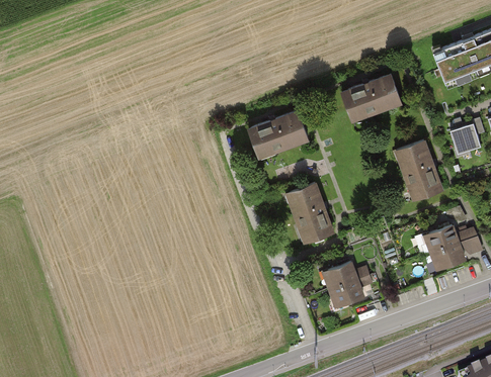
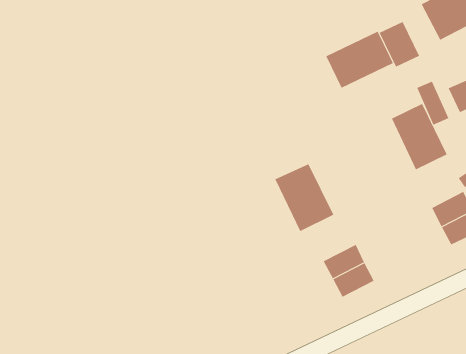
building: none -> [379,21,420,67]
building: [251,111,309,159] -> none
building: none -> [417,81,449,125]

